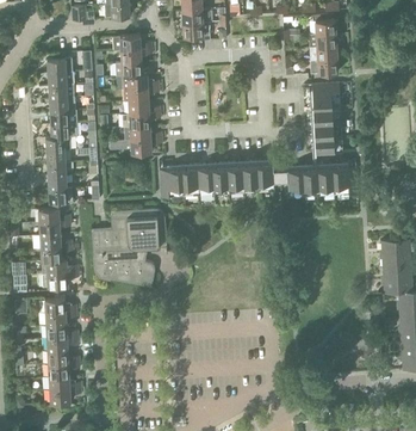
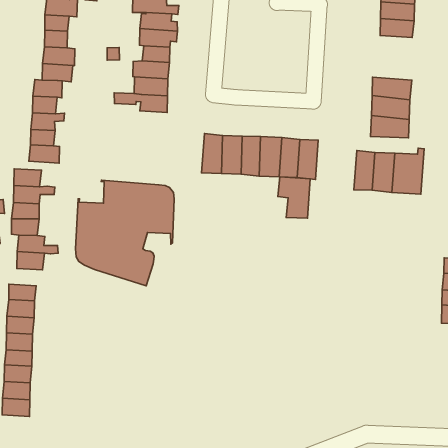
building: [304,82,341,106] -> none
building: [159,161,185,197] -> none
building: [280,165,305,197] -> [278,177,310,218]

